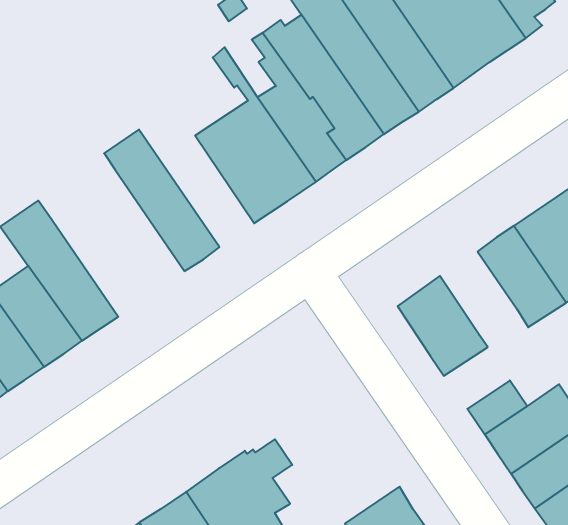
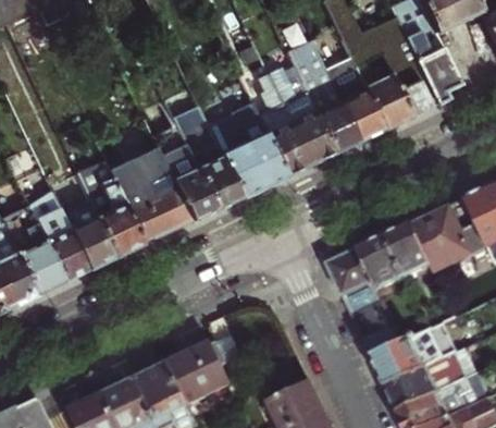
building: none -> [165,86,241,207]
building: none -> [109,146,191,242]
building: none -> [357,236,404,291]

